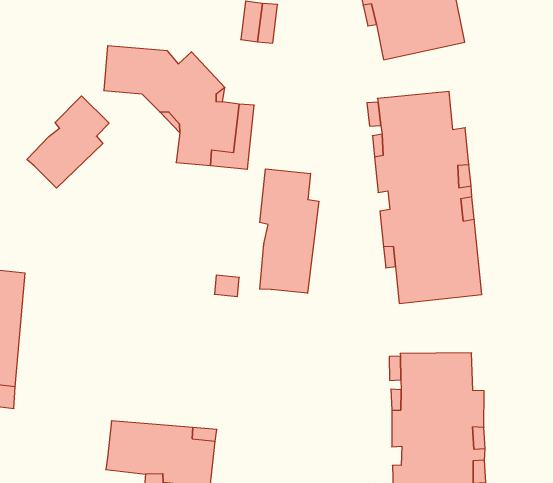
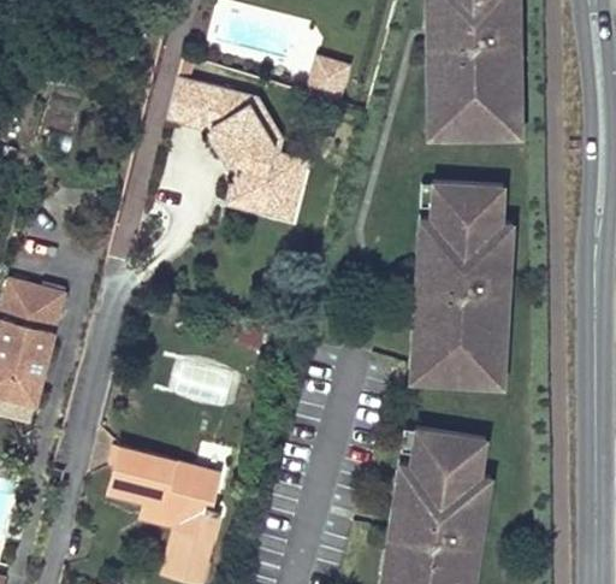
building: [27,96,109,188] -> none
building: [260,169,319,293] -> none

